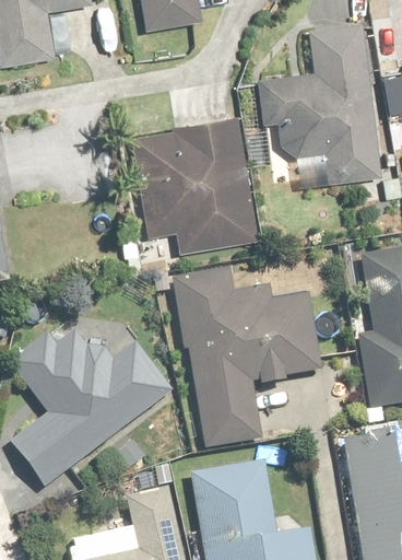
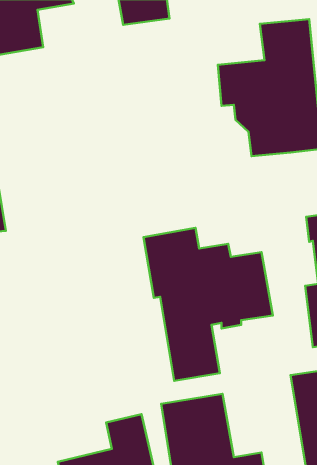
building: [129,116,256,248] -> none
building: [9,332,172,486] -> none

